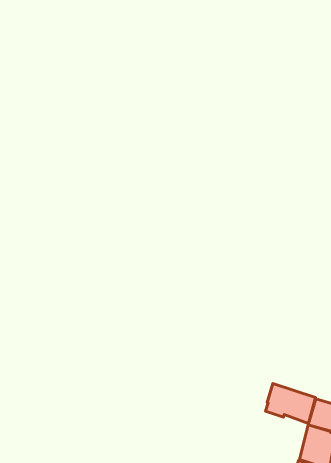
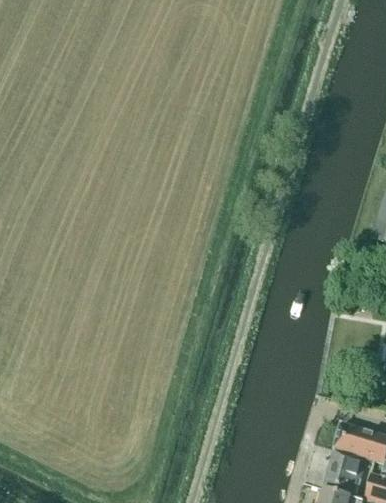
building: [266,383,315,424] -> none

